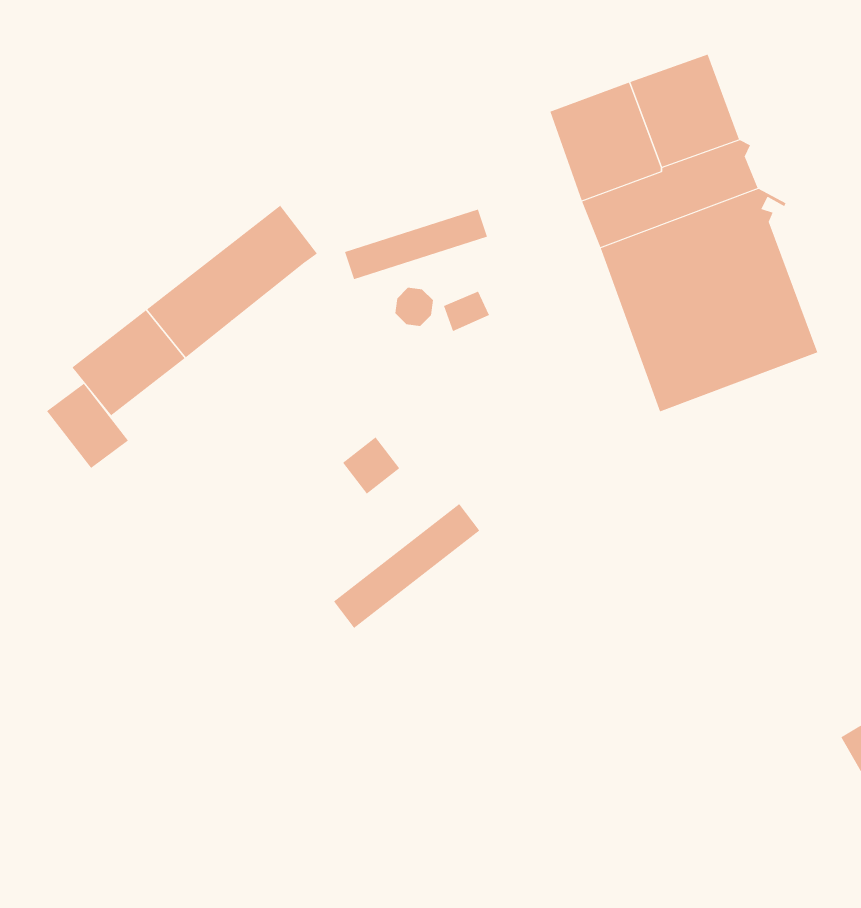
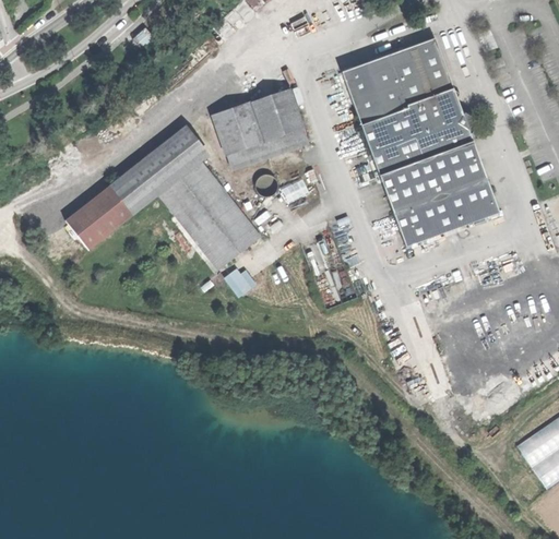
building: none -> [211,88,301,153]
building: none -> [157,159,259,268]
building: [46,383,129,469] -> none
building: [333,503,480,629] -> none

